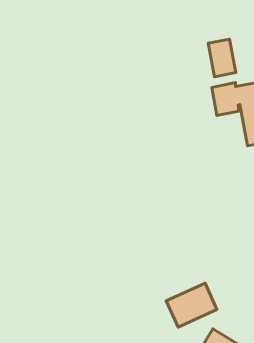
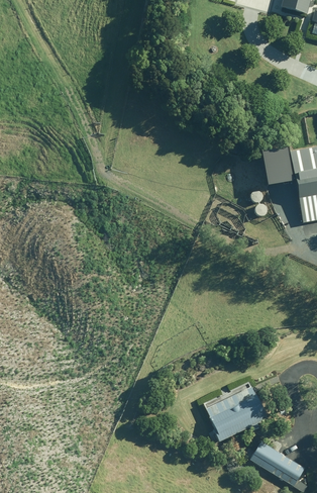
building: [208,39,236,77] -> none

